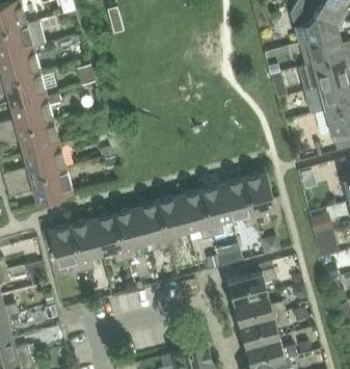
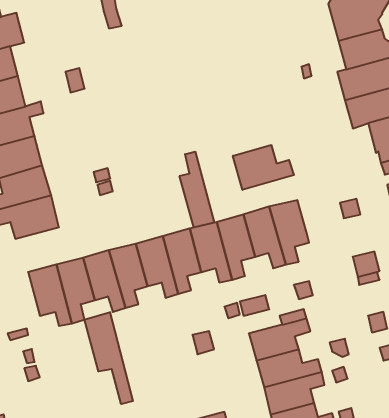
building: none -> [233,145,294,190]
building: none -> [180,152,214,227]
building: none -> [85,312,133,404]

